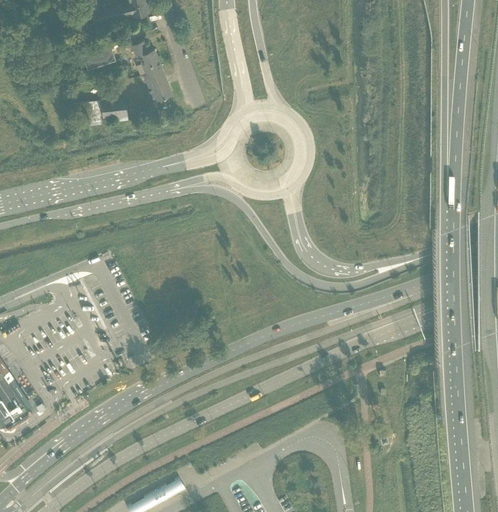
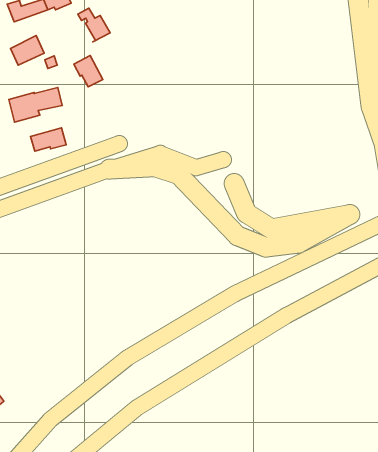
building: [131,41,162,76] -> [78,8,110,42]
building: none -> [31,128,66,151]

